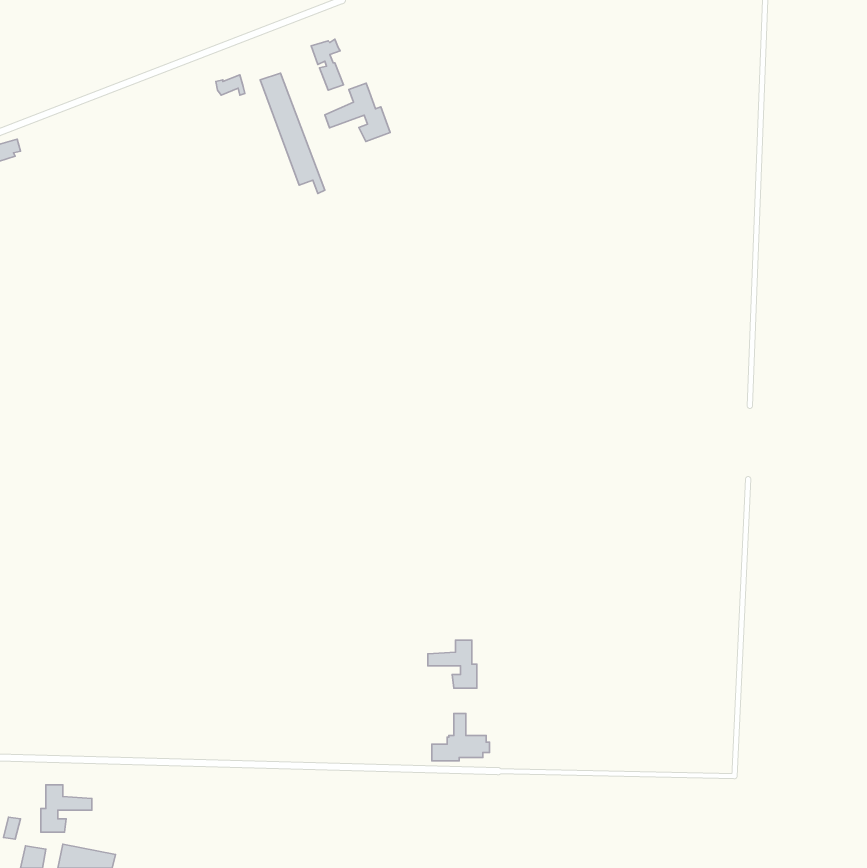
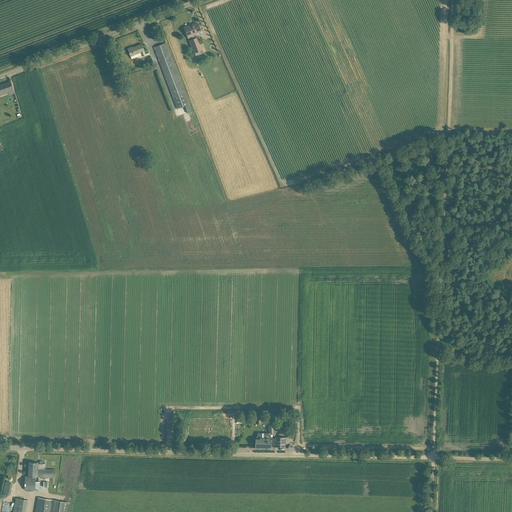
building: [325,83,390,141] -> none
building: [428,640,477,688] -> none

